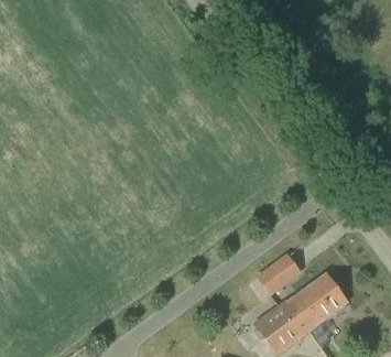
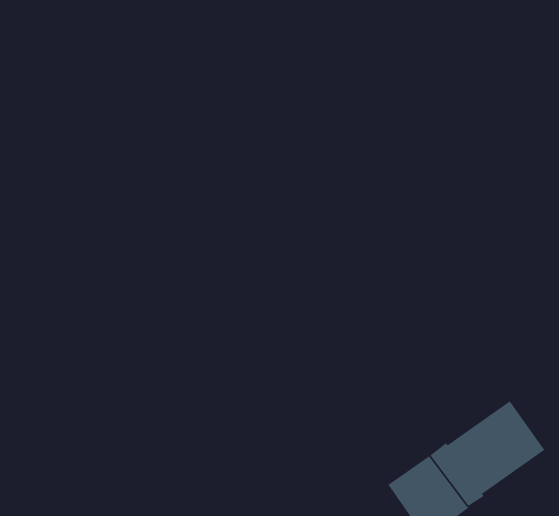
building: [256,251,302,294] -> none

